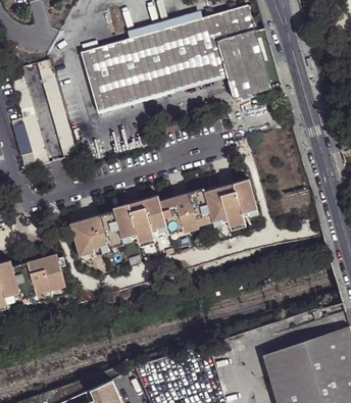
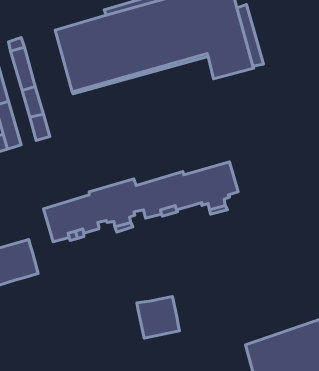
building: none -> [137,296,179,338]

